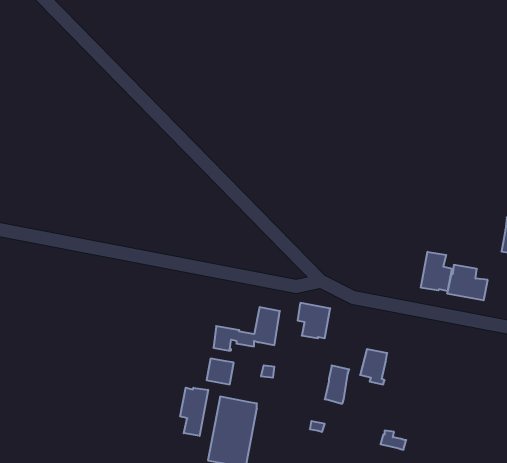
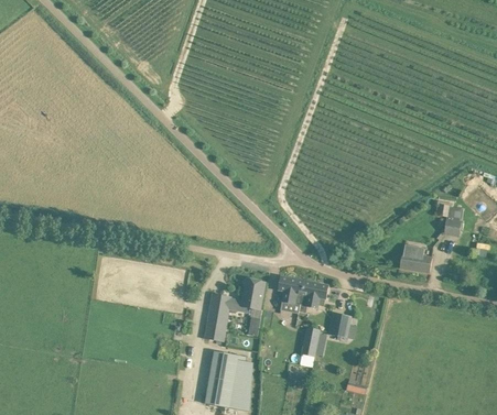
building: [421,252,452,291] -> none
building: none -> [301,280,329,308]
building: [180,388,208,436] -> none

